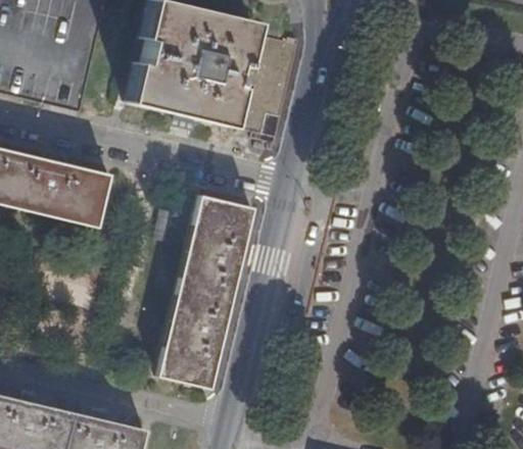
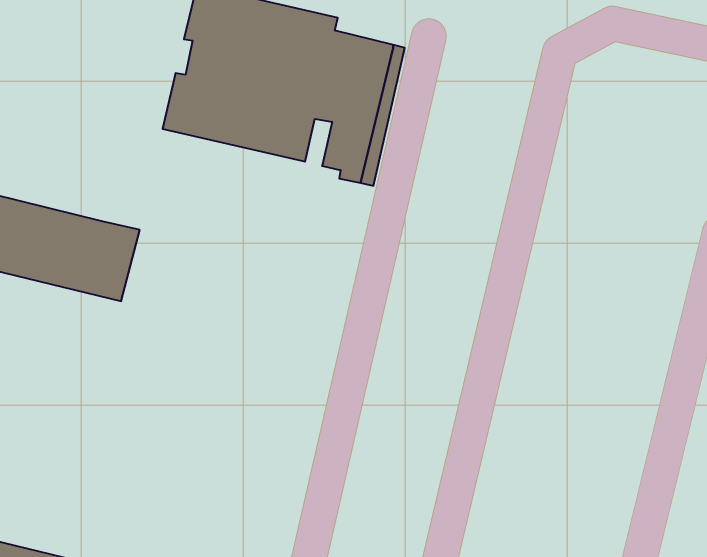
building: [157,196,252,389] -> none

